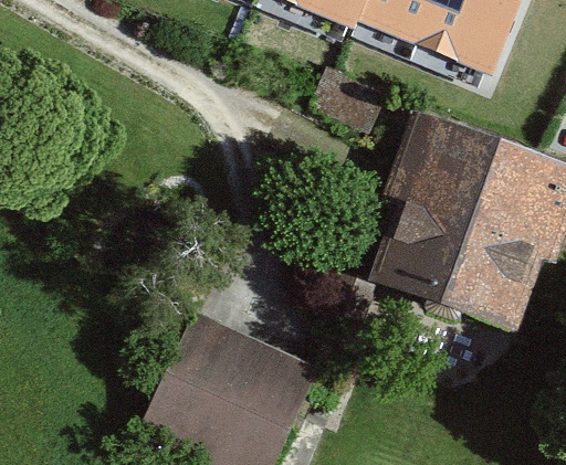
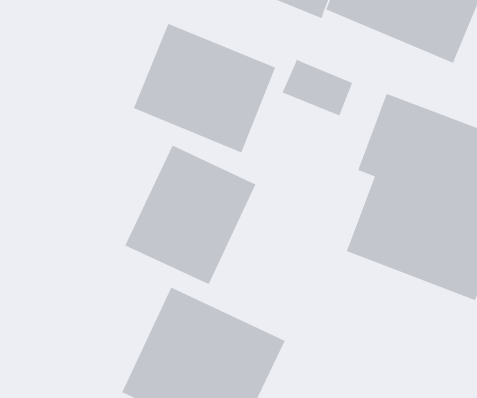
building: none -> [133,23,276,153]
building: none -> [124,144,256,285]

